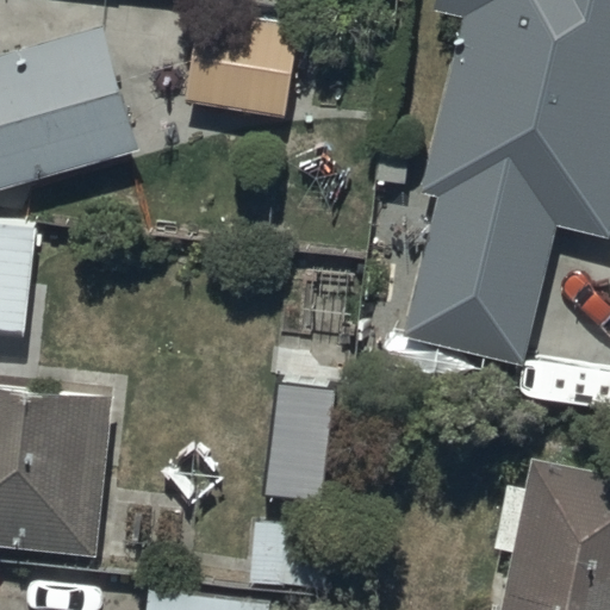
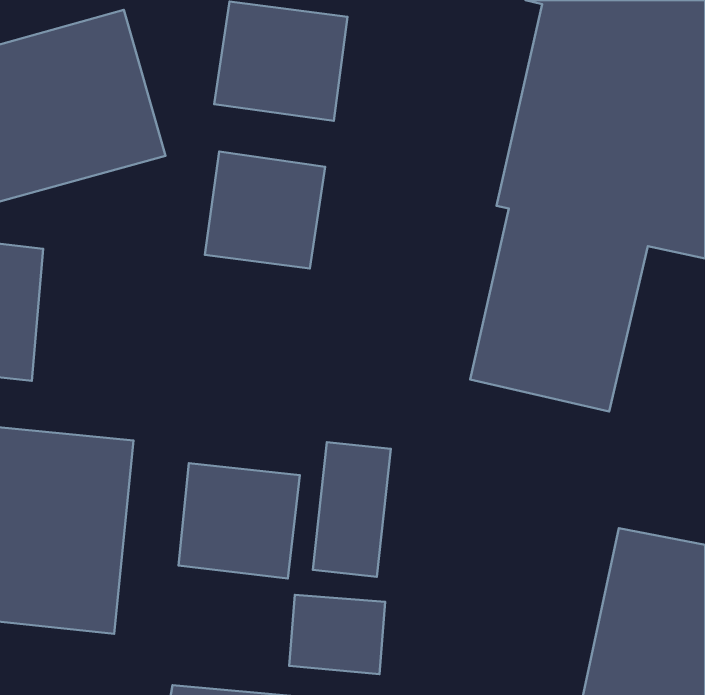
building: none -> [205,151,325,269]
building: none -> [179,463,300,579]

